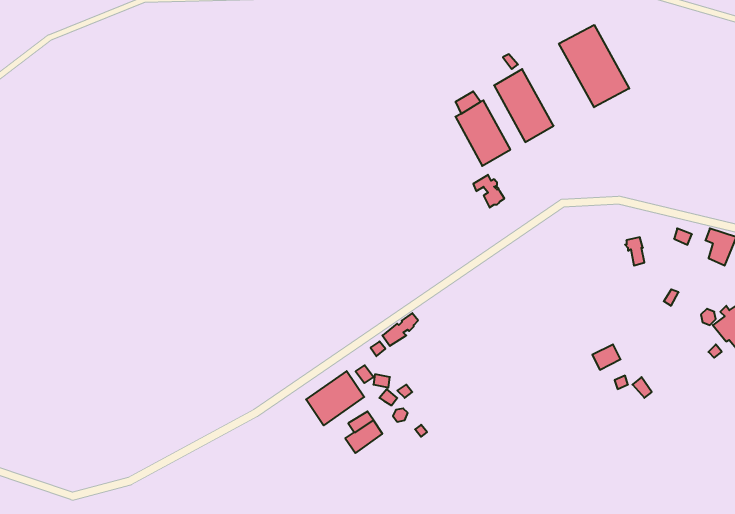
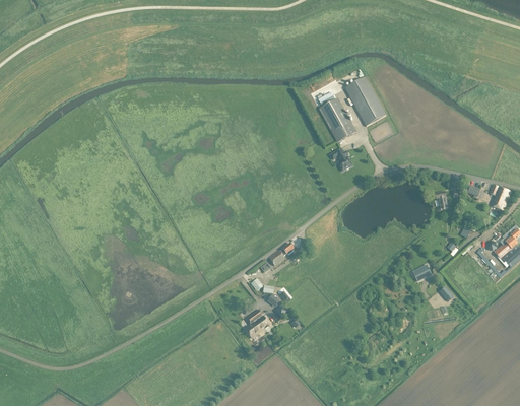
building: [559,25,629,107] -> none
building: [306,371,364,425] -> none

